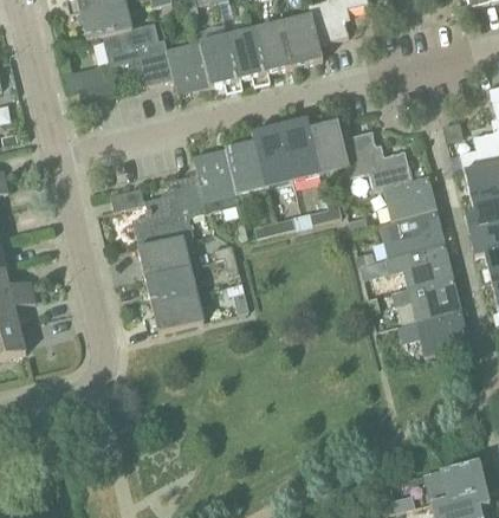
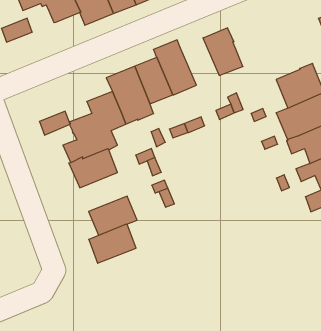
building: [279,117,320,179] -> none
building: [342,129,413,189] -> none
building: [144,264,196,303] -> [89,224,136,263]

